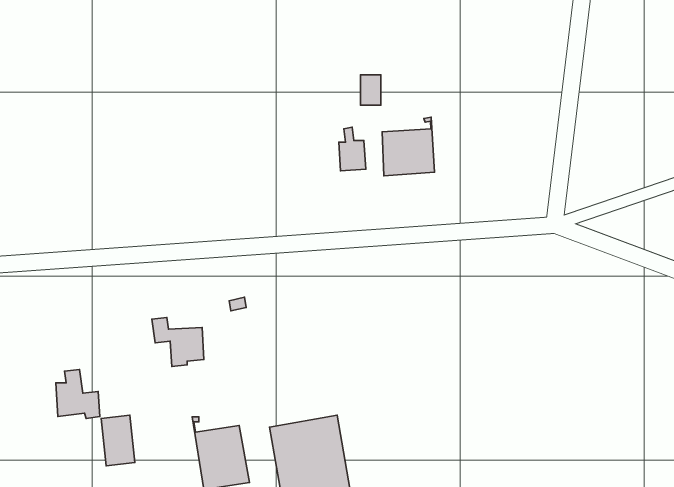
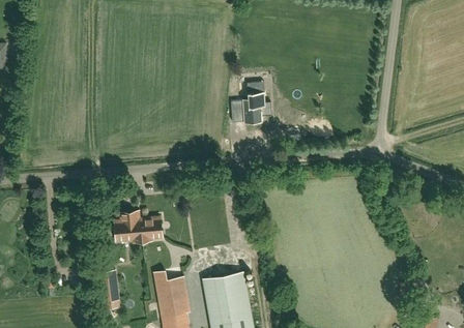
building: [382,117,434,176] -> none
building: [56,369,100,418] -> [115,213,142,243]

